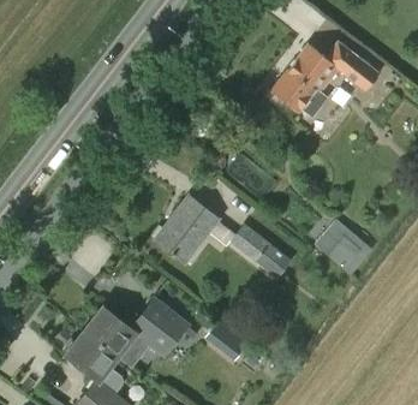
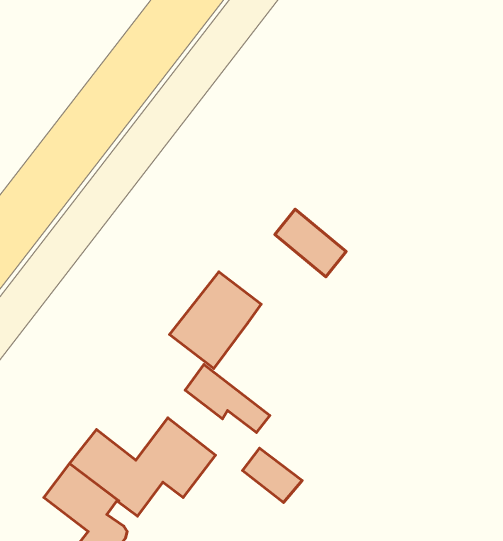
building: [273,43,380,118] -> none
building: [232,225,292,273] -> [185,365,270,432]
building: [315,237,359,269] -> none

